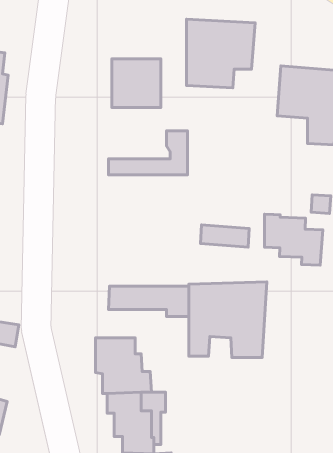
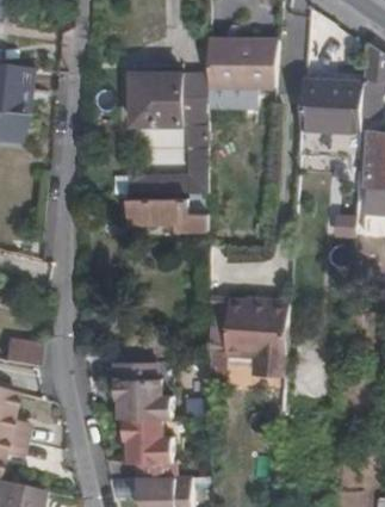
building: none -> [179,74,206,148]
building: [264,214,323,265] -> none
building: [108,286,189,316] -> [124,198,206,229]

